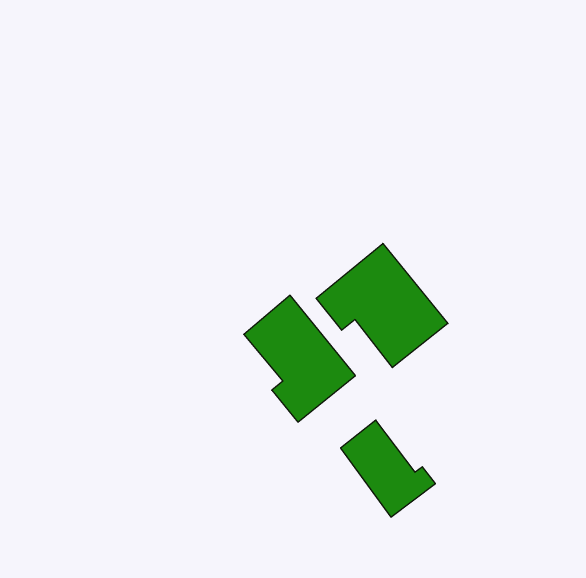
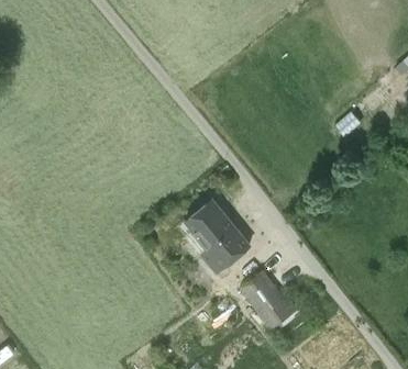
building: [316,243,448,368] -> none

